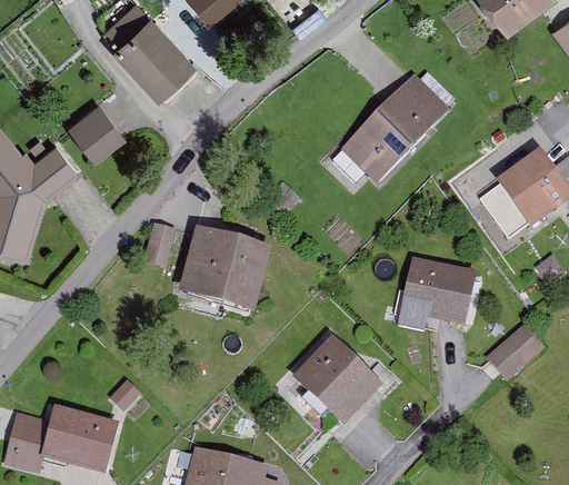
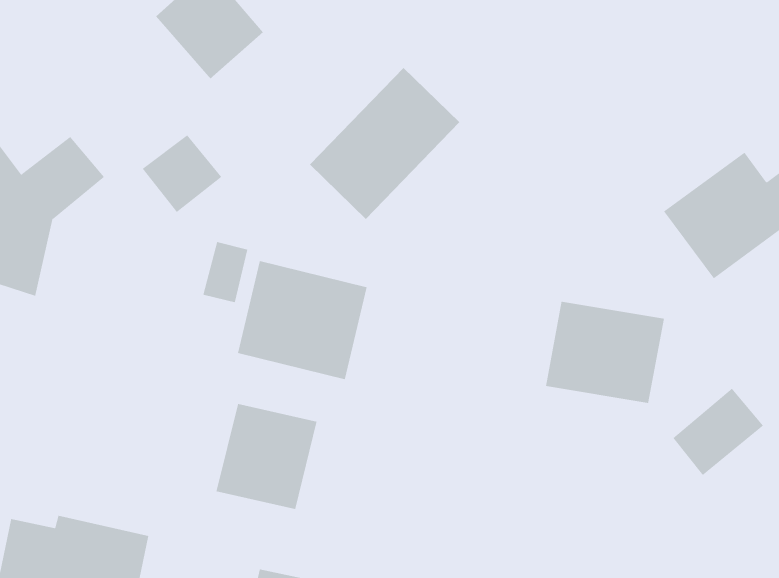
building: [339,81,446,189] -> [309,67,460,220]
building: [69,101,126,157] -> [142,134,222,213]
building: none -> [216,403,317,510]
building: [292,331,390,427] -> none

